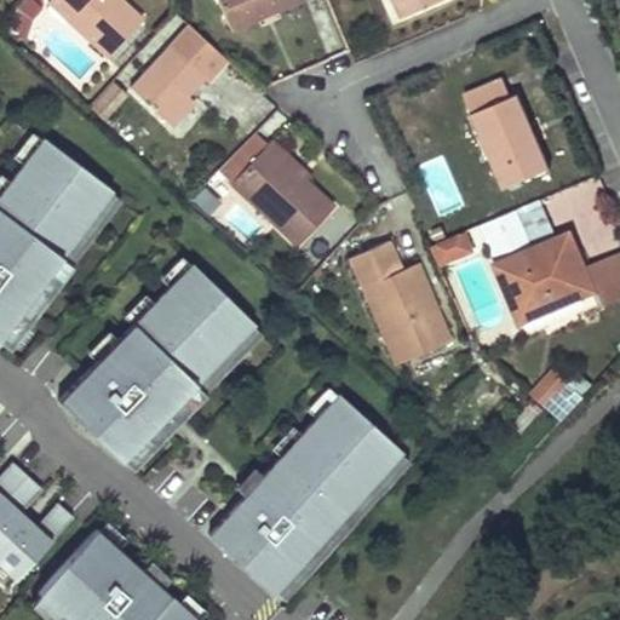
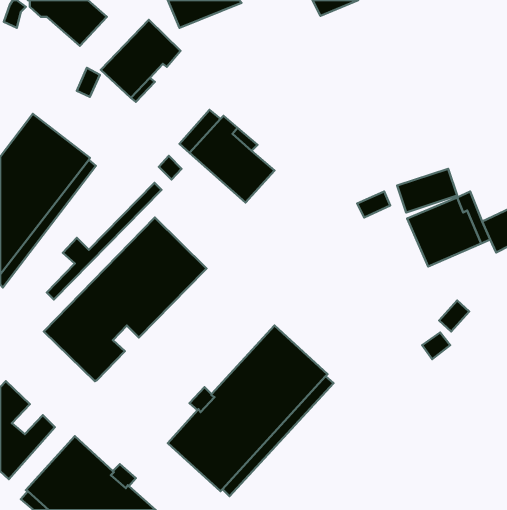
building: [464,75,555,188] -> none
building: [354,246,449,364] -> none
building: [121,328,260,470] -> [47,183,162,300]

